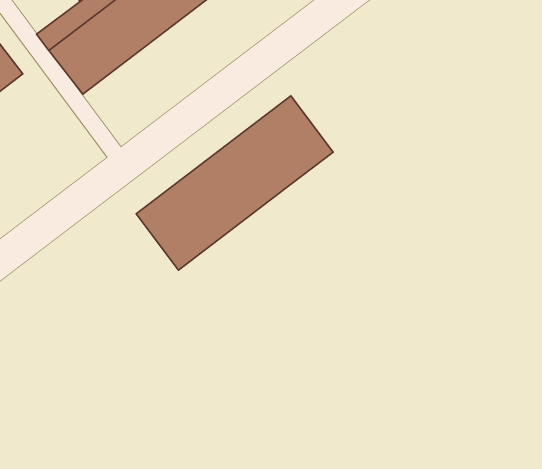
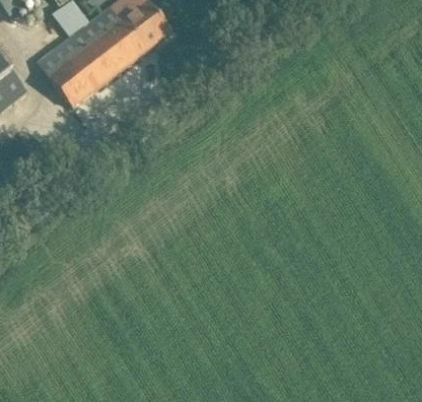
building: [136,96,333,270] -> none

